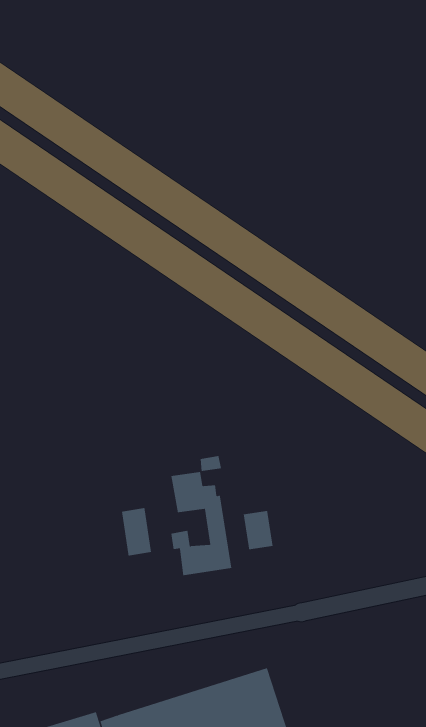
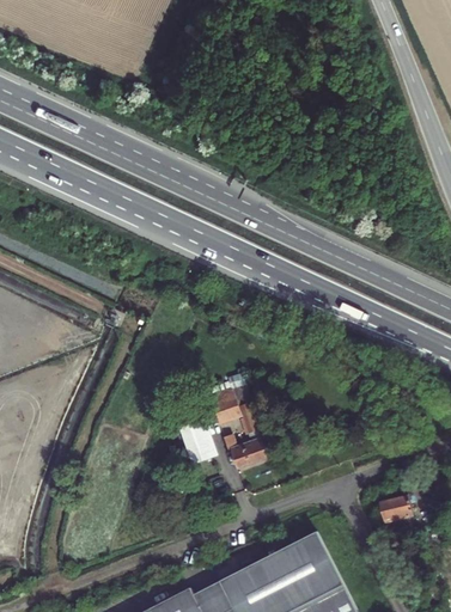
building: [243,510,273,550] -> none
building: none -> [377,496,409,521]

